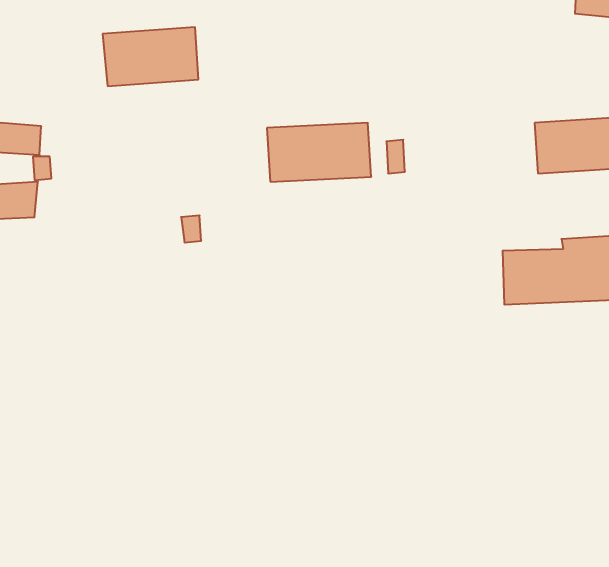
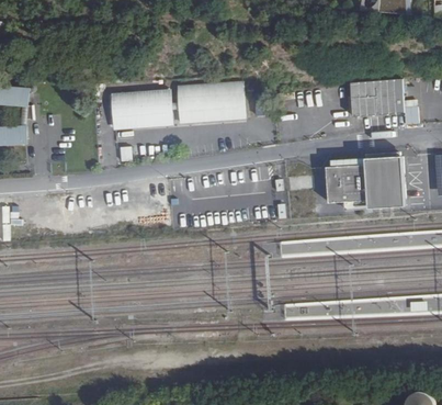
building: [103,27,198,86] -> [110,89,172,127]

